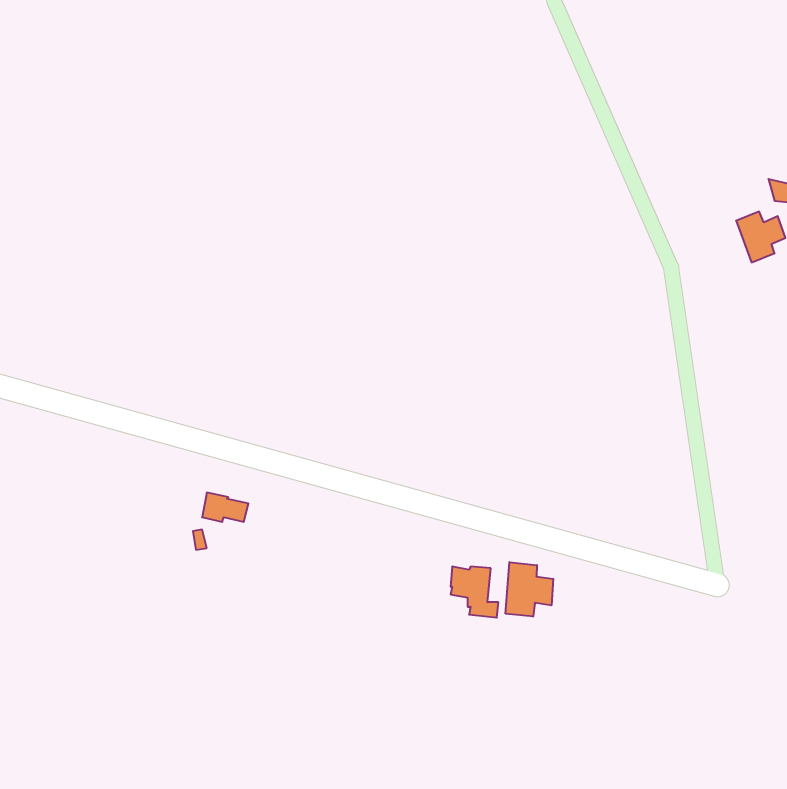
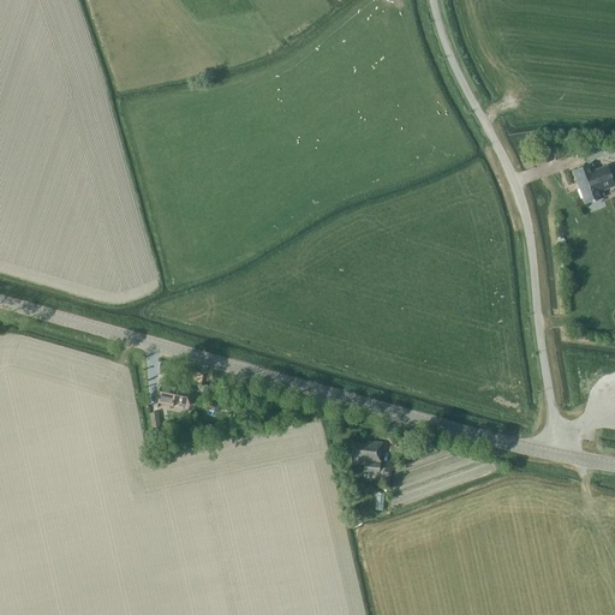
building: [506,562,553,617] -> none

